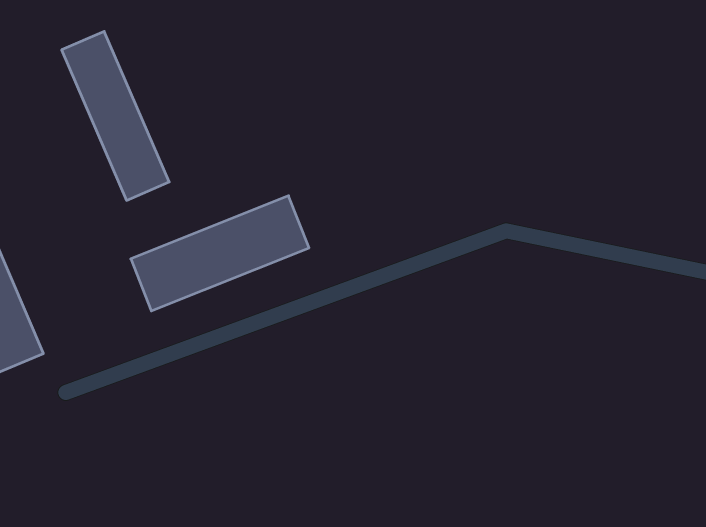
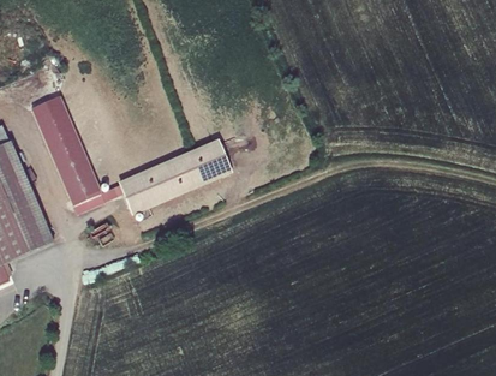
building: [62,31,169,200] -> [32,96,102,205]

